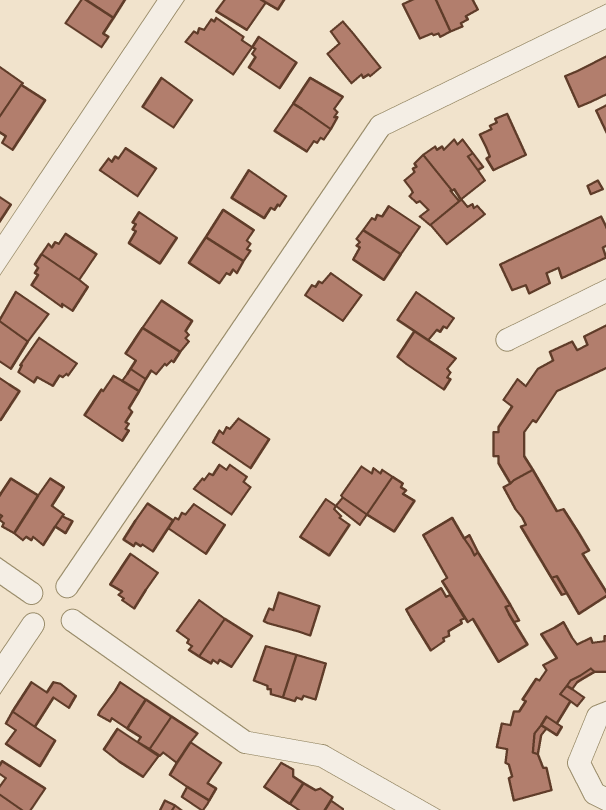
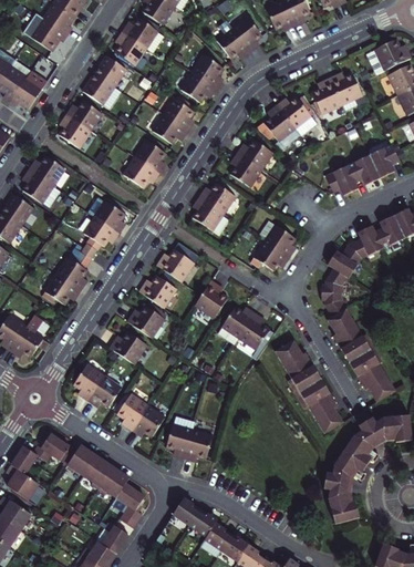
building: none -> [230,13,261,49]
building: none -> [25,16,68,50]
building: [249,37,297,88] -> [115,32,146,65]
building: none -> [10,70,48,109]
building: none -> [330,73,363,110]
building: none -> [82,74,121,109]
building: none -> [163,97,195,132]
building: [431,200,485,244] -> none
building: [129,212,177,264] -> [60,115,91,148]
building: [397,292,454,340] -> [252,240,289,271]
building: none -> [193,196,224,229]
building: [18,338,77,386] -> [43,274,81,305]
building: none -> [156,252,194,282]
building: [300,499,350,556] -> [194,282,226,319]
building: [124,504,173,551] -> [89,375,121,406]
building: [406,588,465,651] -> none
building: [264,593,319,636] -> none
building: [104,729,159,777] -> [41,434,76,465]

